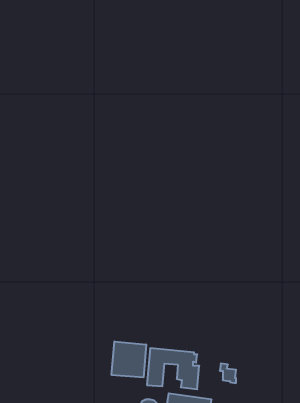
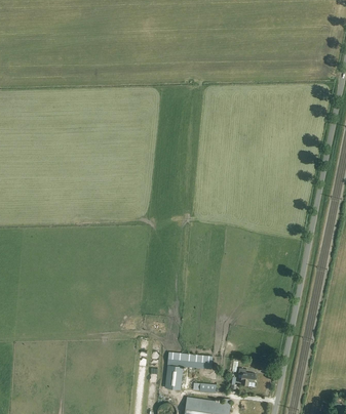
building: [112,341,146,377] -> none

